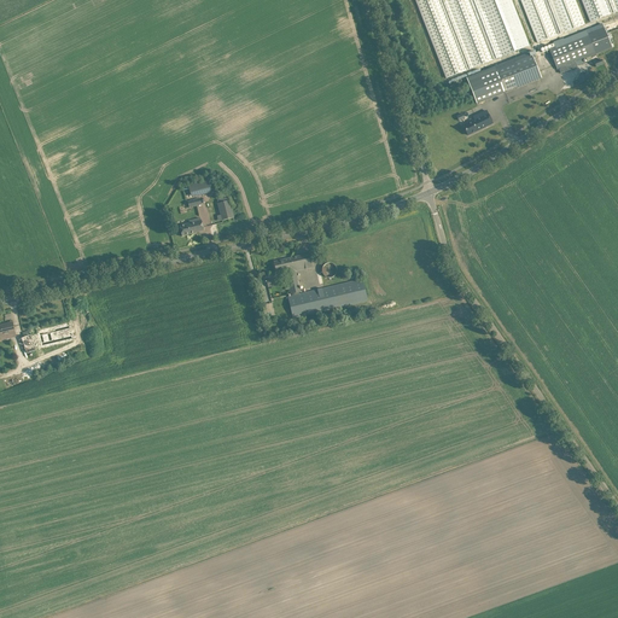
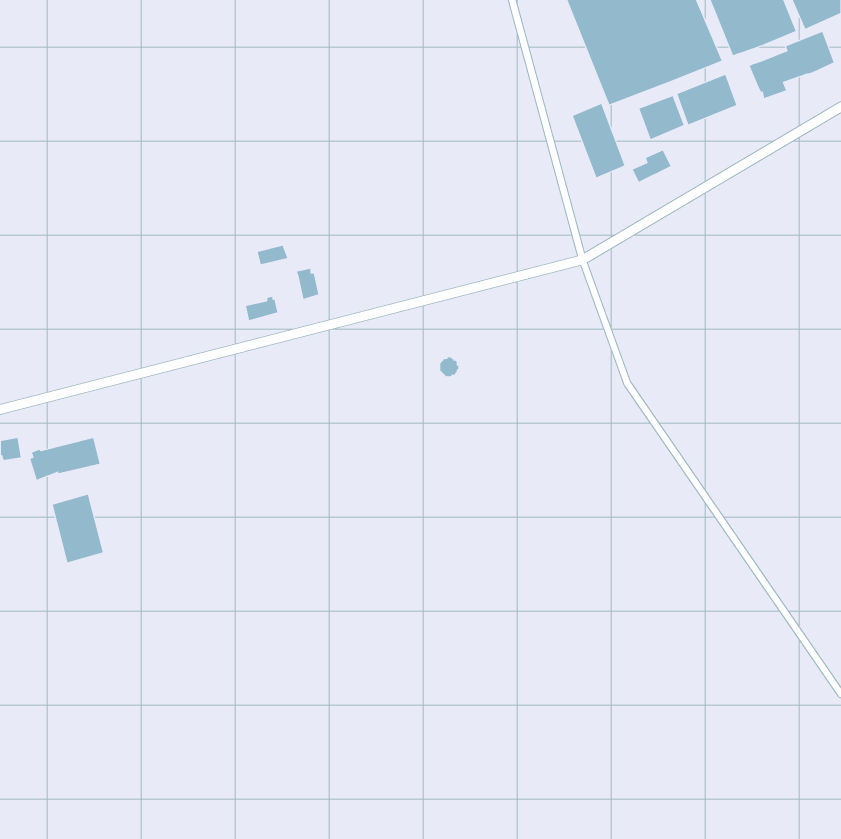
building: none -> [572,103,625,178]
building: [274,252,367,317] -> none
building: none -> [52,494,103,563]

